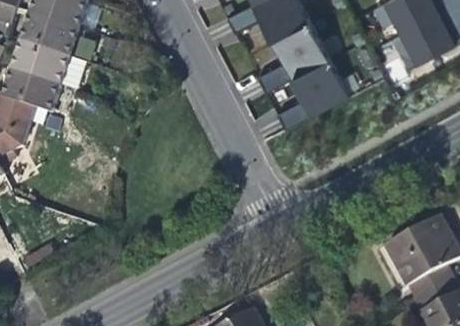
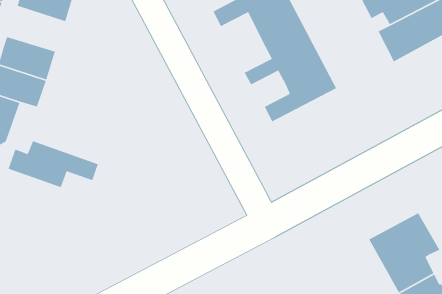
building: [21,13,80,58] -> none
building: none -> [7,140,99,188]

